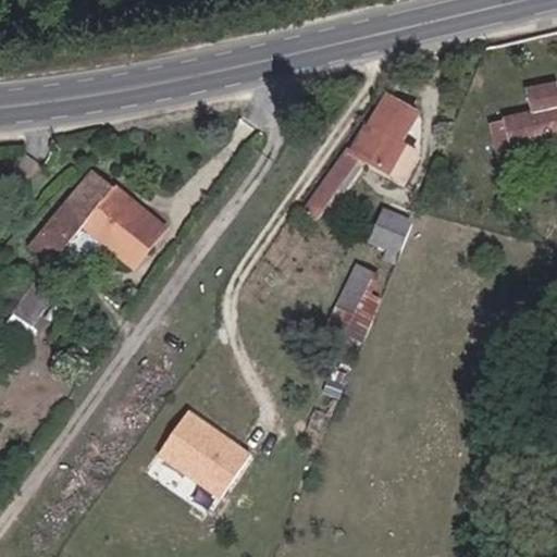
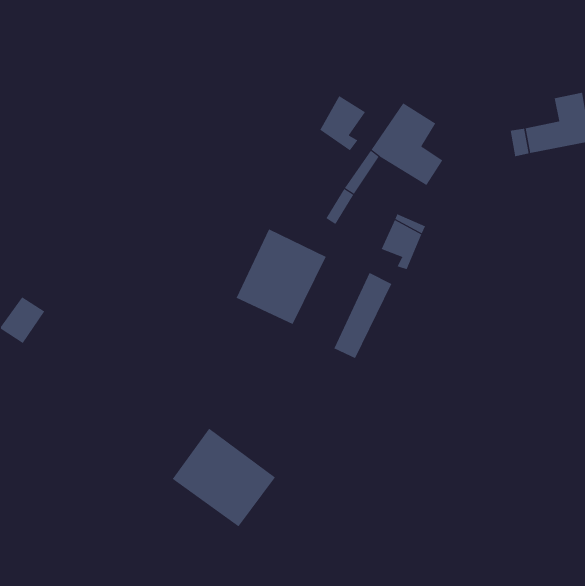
building: none -> [319,95,366,151]
building: [28,169,166,271] -> none
building: none -> [236,229,326,325]

